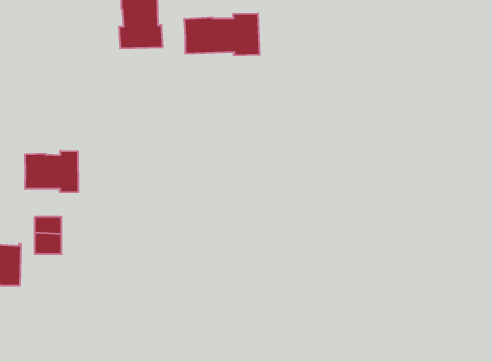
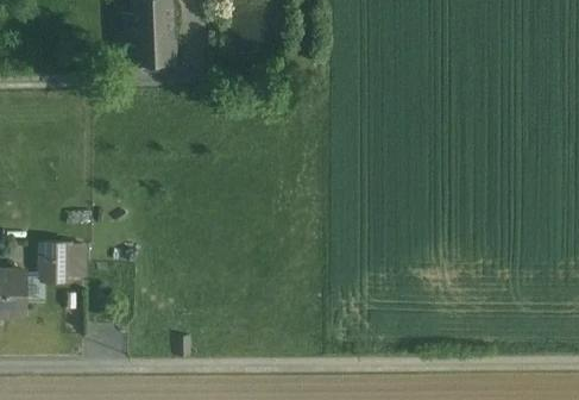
building: [184,13,259,55] -> none
building: [25,151,78,192] -> none

